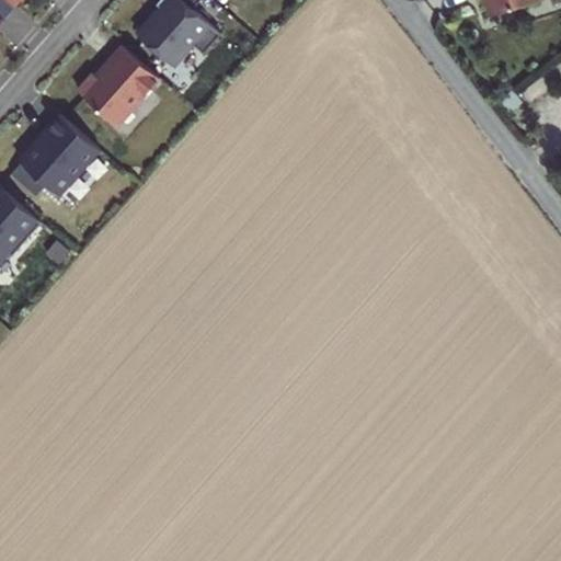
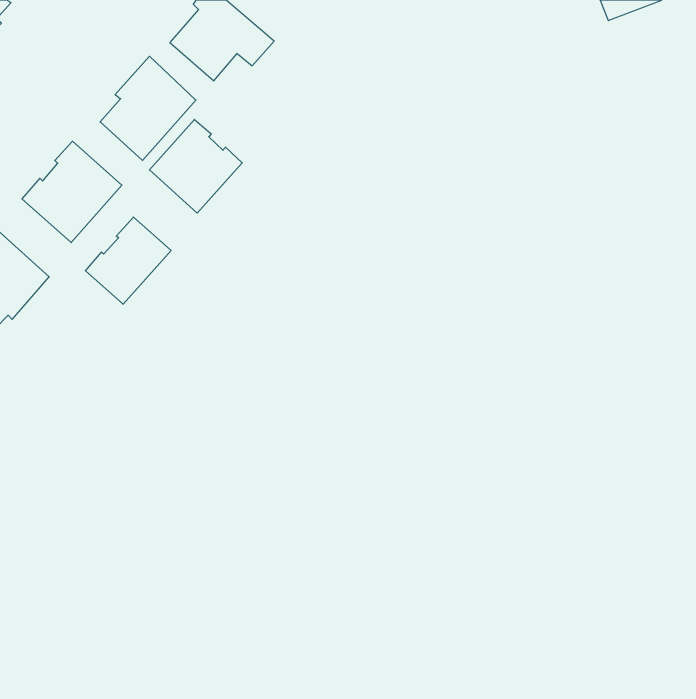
building: none -> [149,119,242,213]
building: none -> [85,217,171,304]

